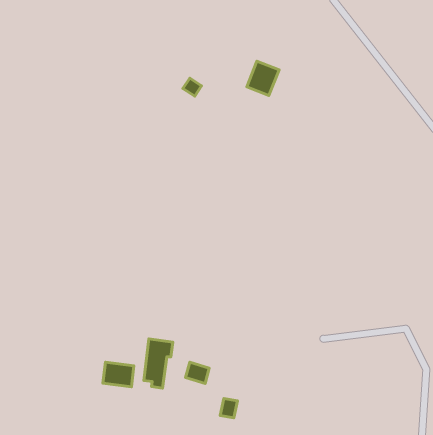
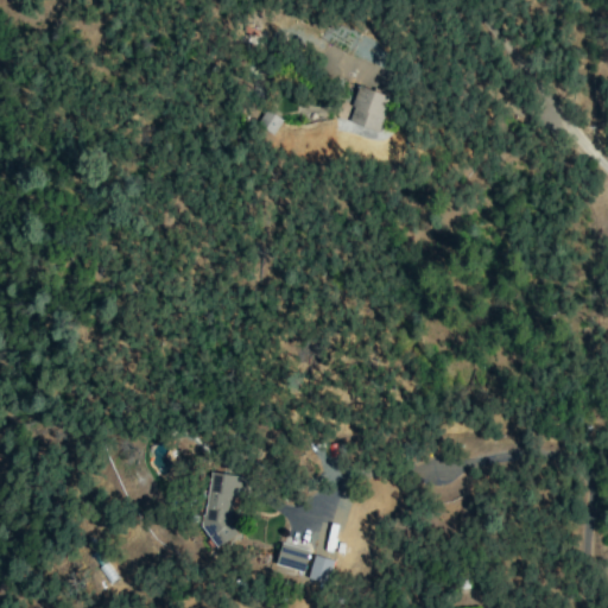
building: [103,362,134,387] -> none
building: [186,362,209,384] -> [277,543,310,572]

